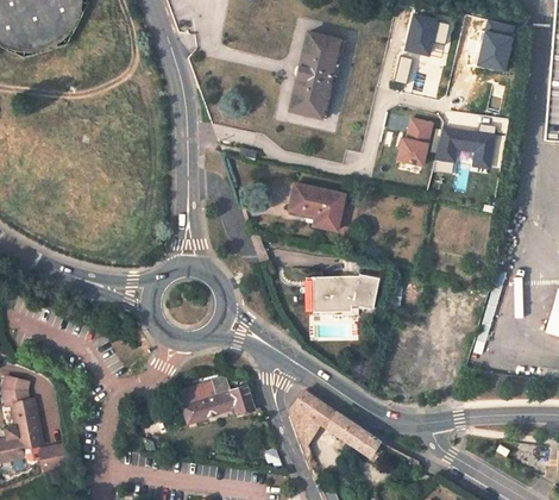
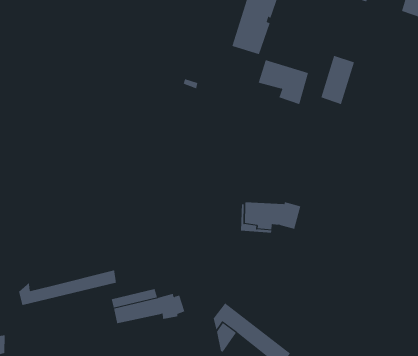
building: [439,121,488,168] -> none
building: [291,183,346,230] -> [258,60,309,105]
building: none -> [18,270,116,306]

